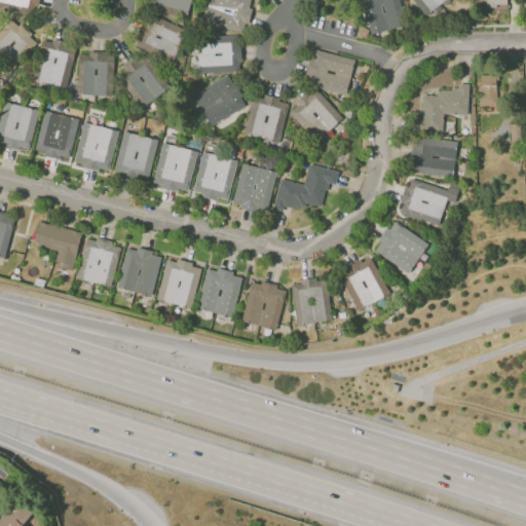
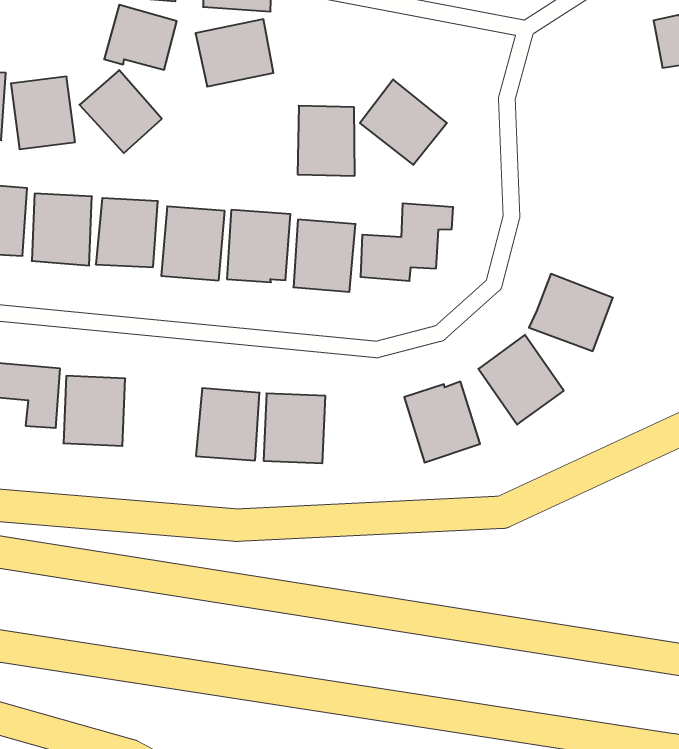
building: [305,49,355,93] -> none
building: [192,73,248,126] -> none
building: [419,83,469,130] -> none
building: [412,138,457,176] -> none
building: [397,178,460,225] -> none
building: [117,247,161,295] -> none
building: [242,280,287,329] -> none

